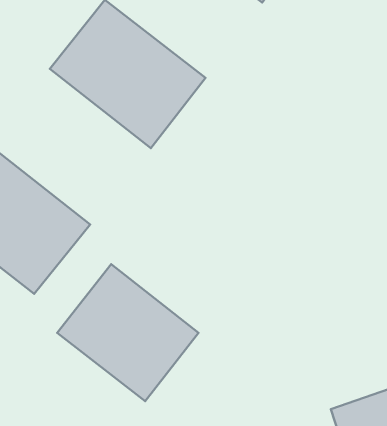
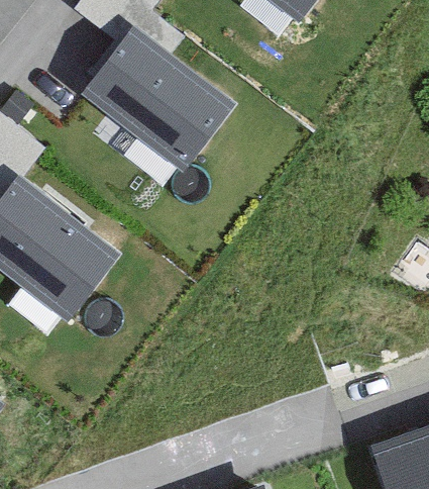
building: [57,264,198,401] -> none

